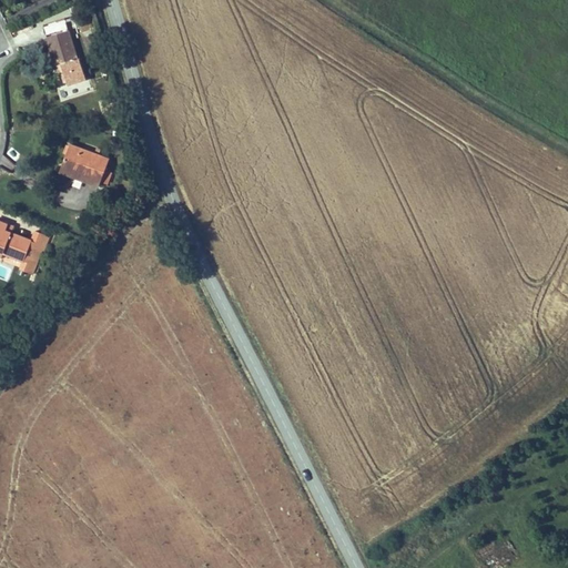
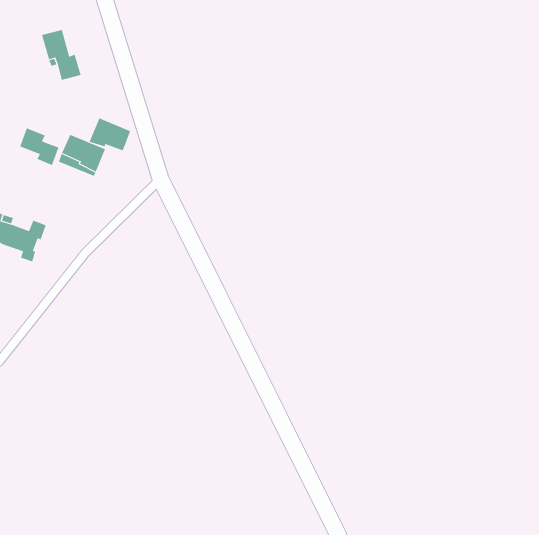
building: none -> [89,118,131,151]
building: none -> [19,128,59,166]

